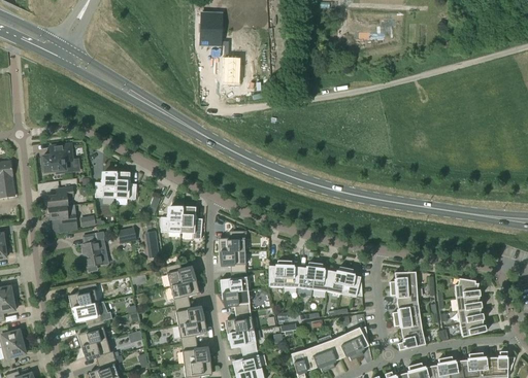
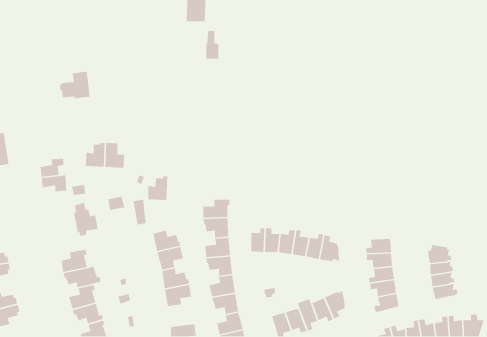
building: [40,143,73,173] -> [59,71,91,99]
building: [180,206,202,239] -> none
building: [180,342,209,365] -> none

